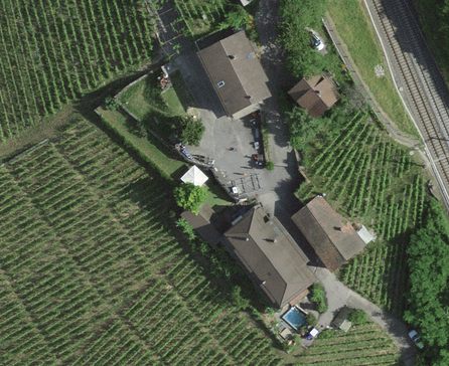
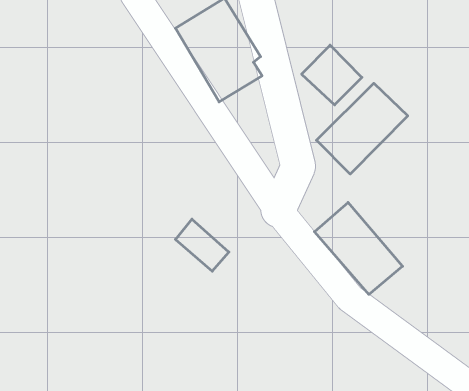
building: none -> [316,83,408,174]
building: [220,214,304,307] -> none

